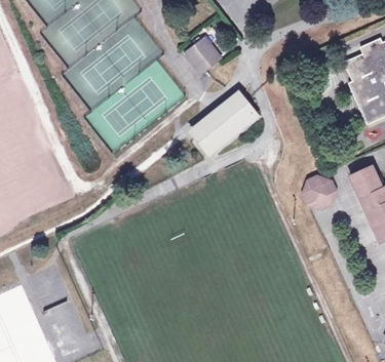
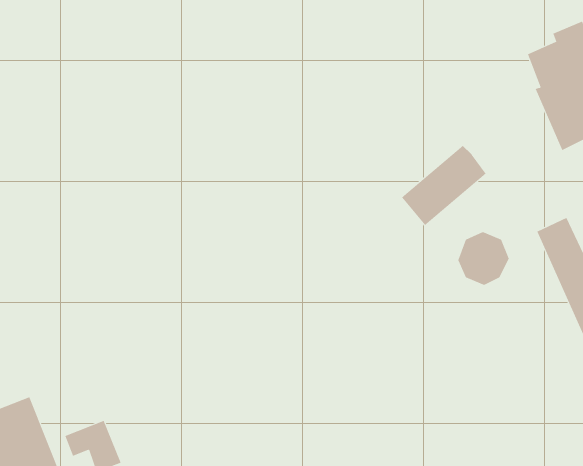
building: [185,38,222,74] -> none
building: [198,97,254,150] -> [401,145,487,226]

